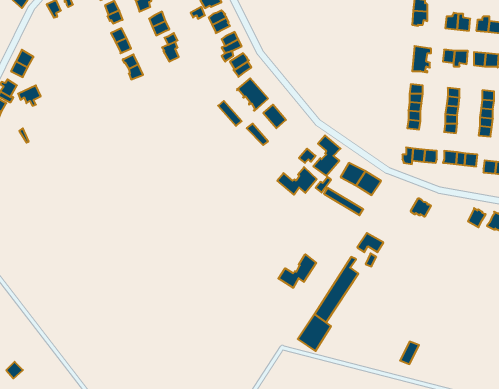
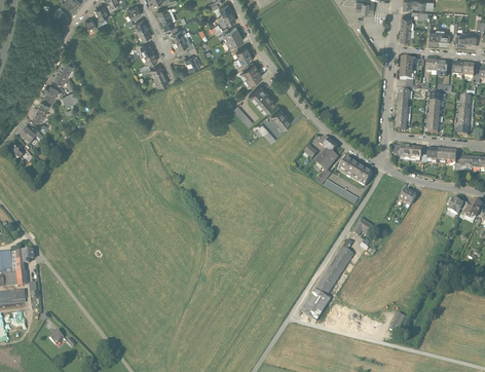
building: [277,167,317,195] -> none
building: [278,254,316,288] -> none

